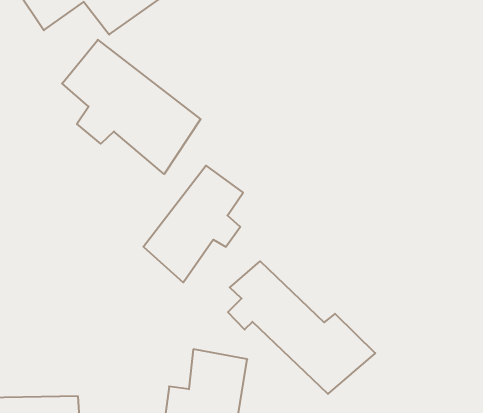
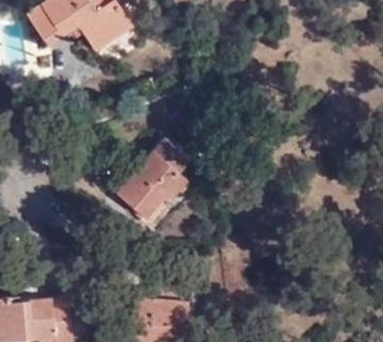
building: [62,40,201,174] -> none
building: [228,261,375,394] -> none

